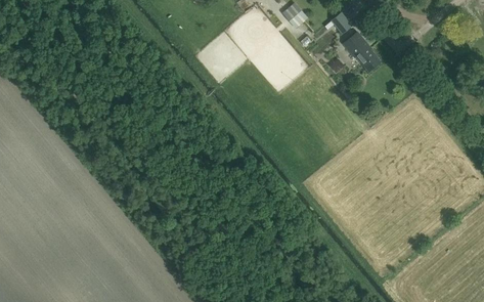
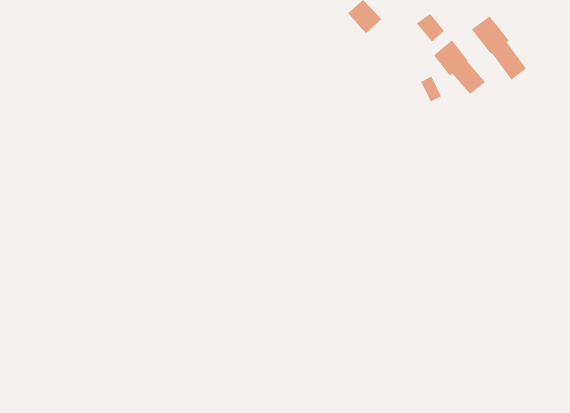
building: none -> [471,16,527,80]

